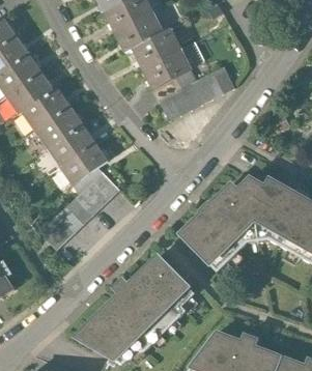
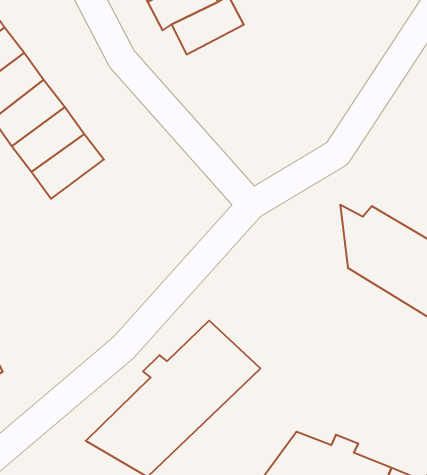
building: [144,49,194,89] -> none
building: [157,72,234,125] -> none
building: [51,142,101,188] -> none
building: [42,172,122,250] -> none
building: [180,173,255,266] -> none

